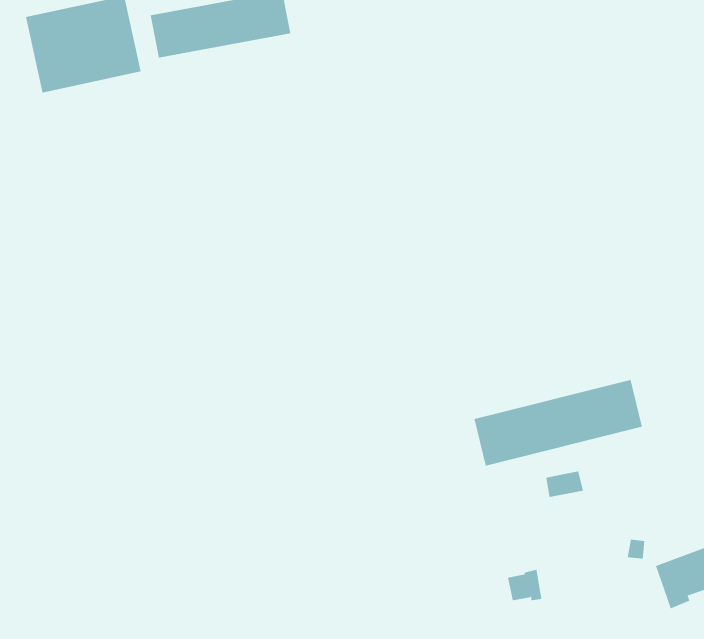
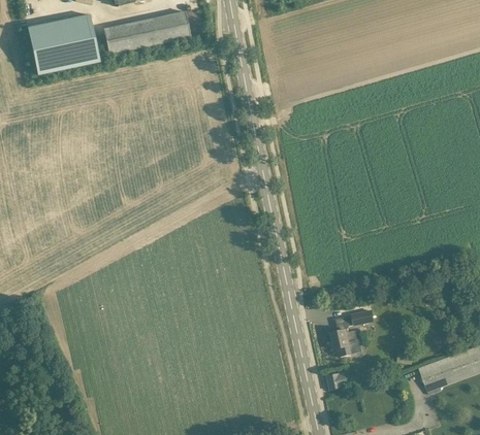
building: [474,379,643,467] -> none
building: none -> [329,328,357,356]

